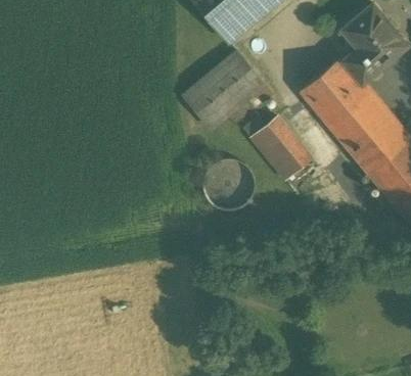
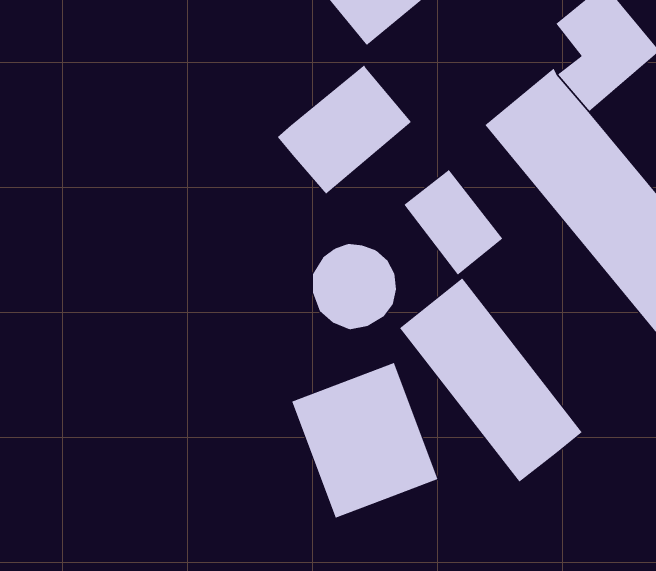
building: none -> [399,278,583,483]
building: none -> [292,362,438,518]

